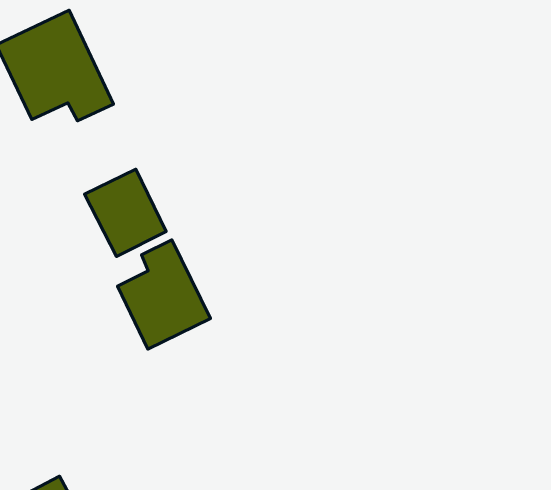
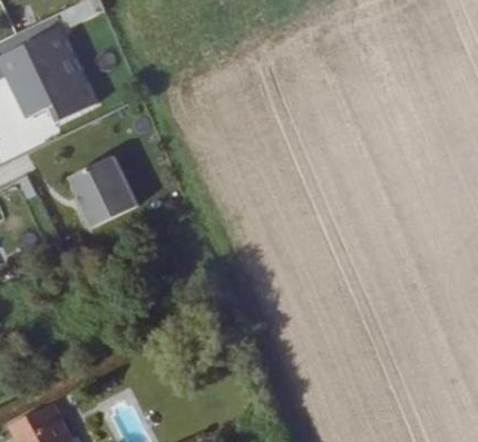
building: [117,240,211,349] -> none

